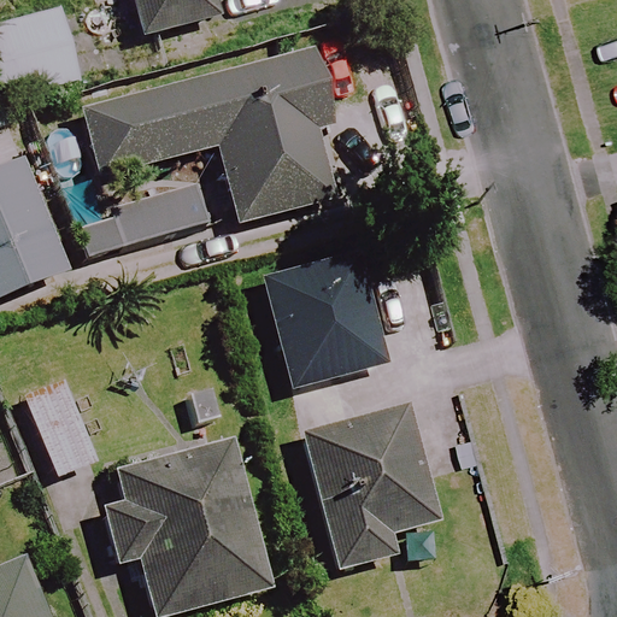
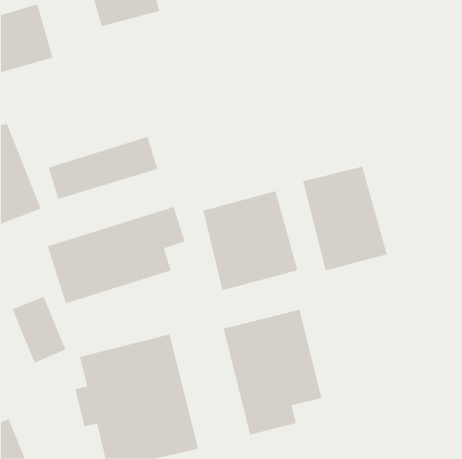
building: [82,49,340,224] -> none
building: none -> [302,166,388,271]
building: none -> [47,206,185,304]

